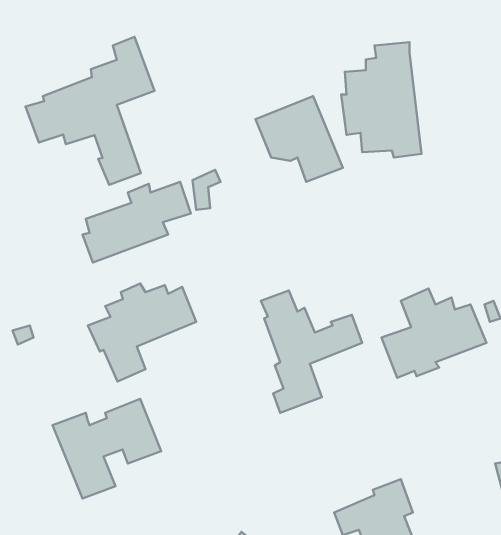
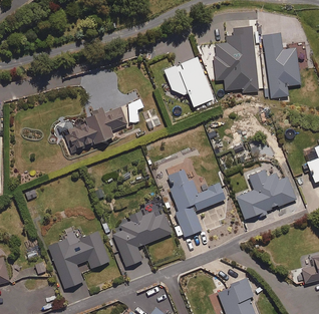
building: [25,37,154,185] -> none
building: none -> [262,33,300,97]
building: [88,283,196,381] -> [109,211,172,267]

